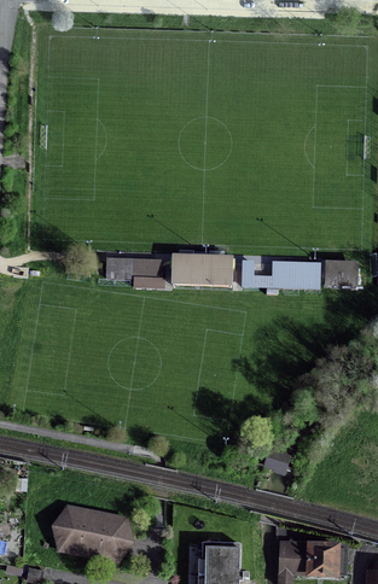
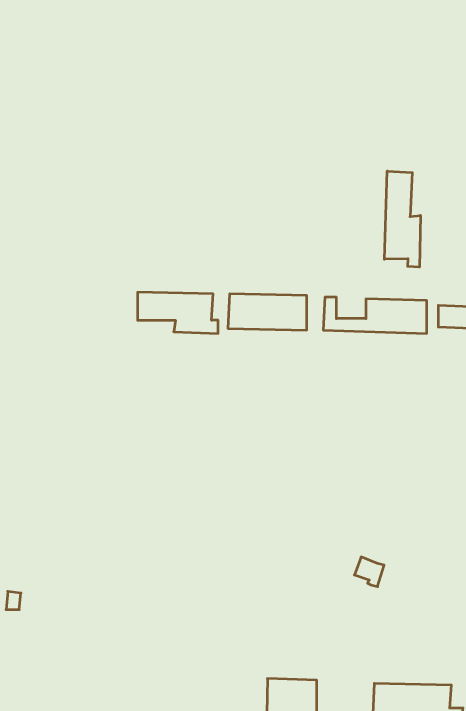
building: none -> [384,171,420,267]
building: [58,509,124,559] -> none

